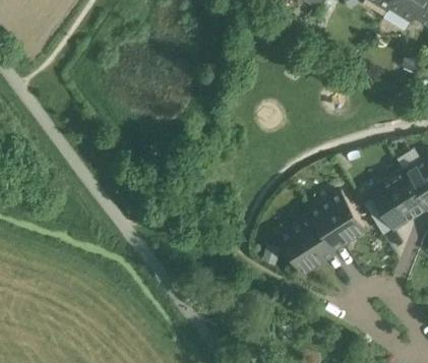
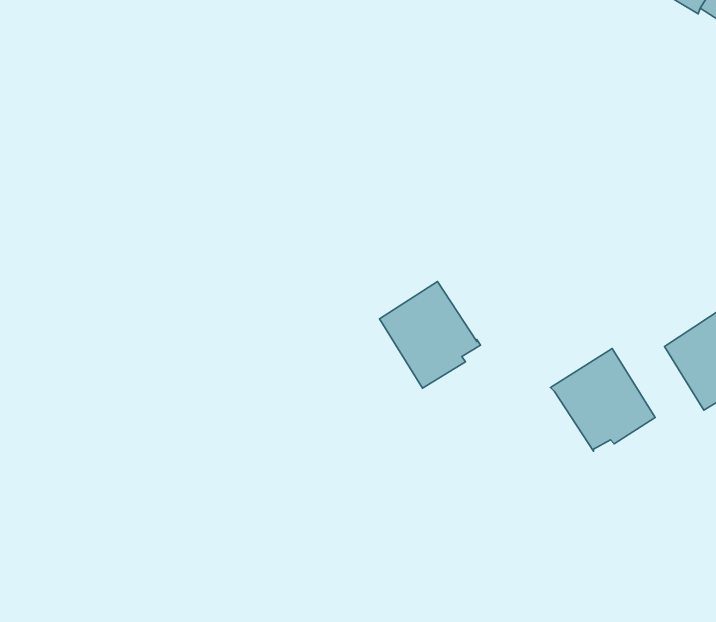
building: [279,217,333,275] -> [380,282,480,388]

